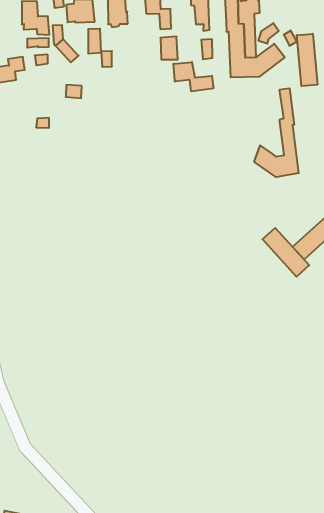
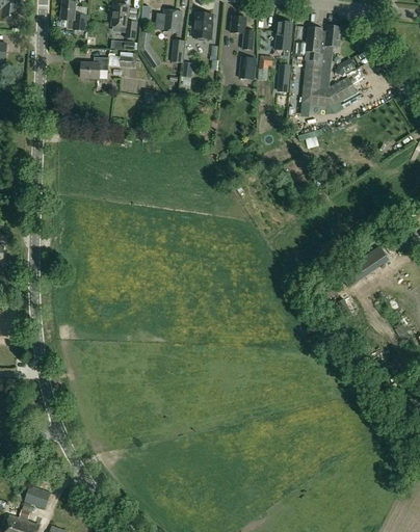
building: [297,34,317,86] -> none
building: [173,62,213,91] -> none
building: [254,88,299,177] -> none
building: [262,228,309,277] -> none

